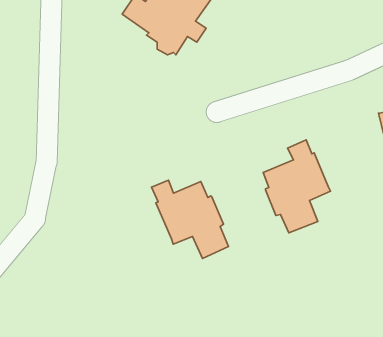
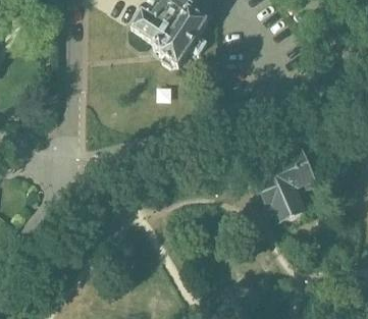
building: [152,180,228,258] -> none

